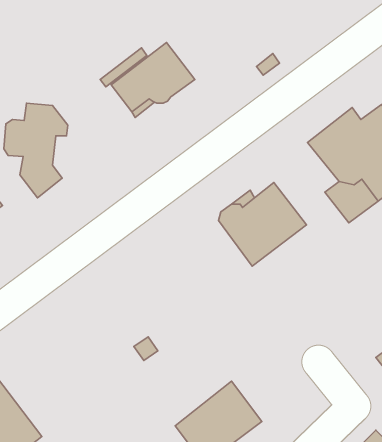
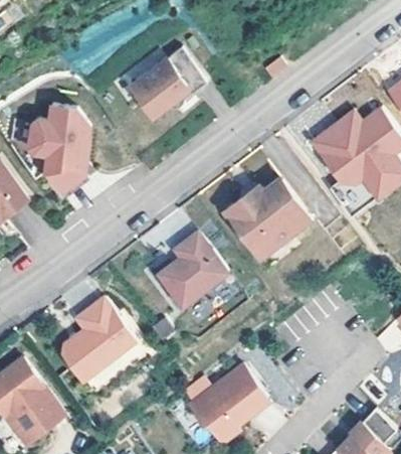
building: none -> [157,232,228,307]
building: none -> [62,298,135,382]

